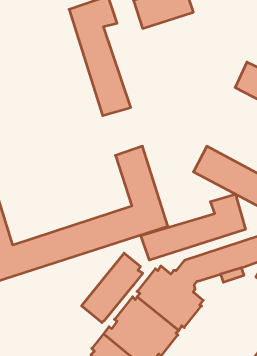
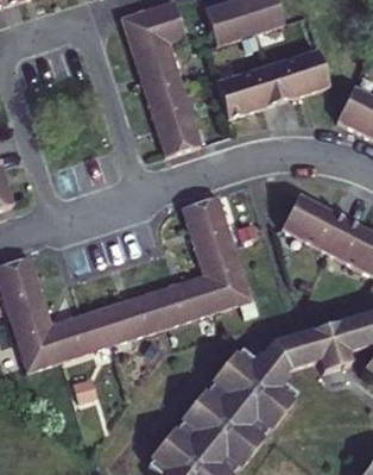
building: none -> [217,48,329,114]
building: [141,194,245,260] -> none
building: [82,253,143,323] -> none

